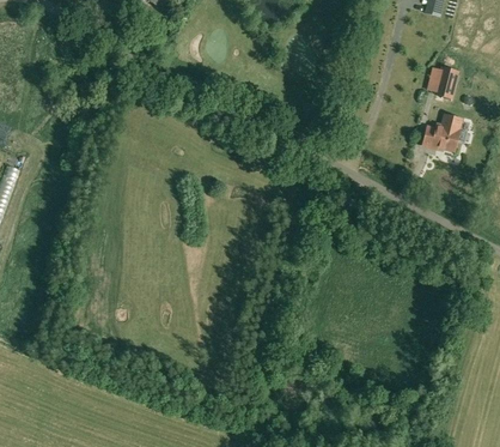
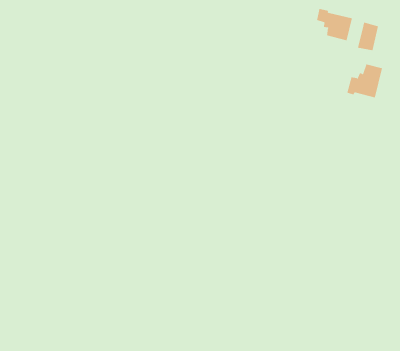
building: none -> [316,8,353,41]

